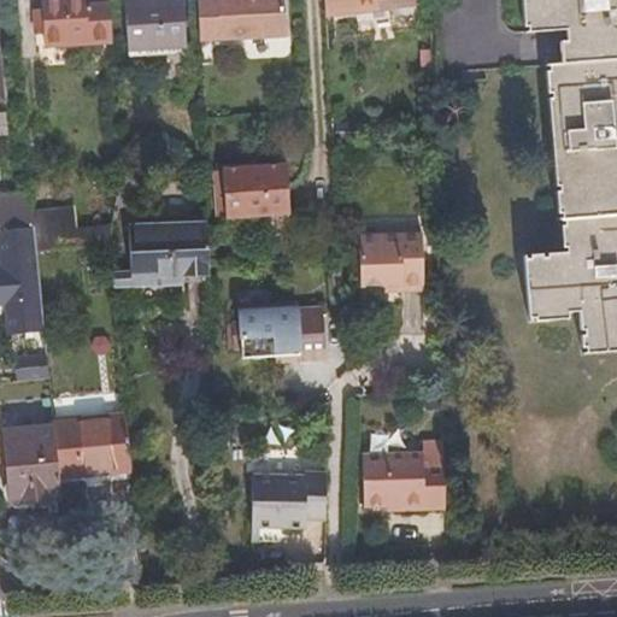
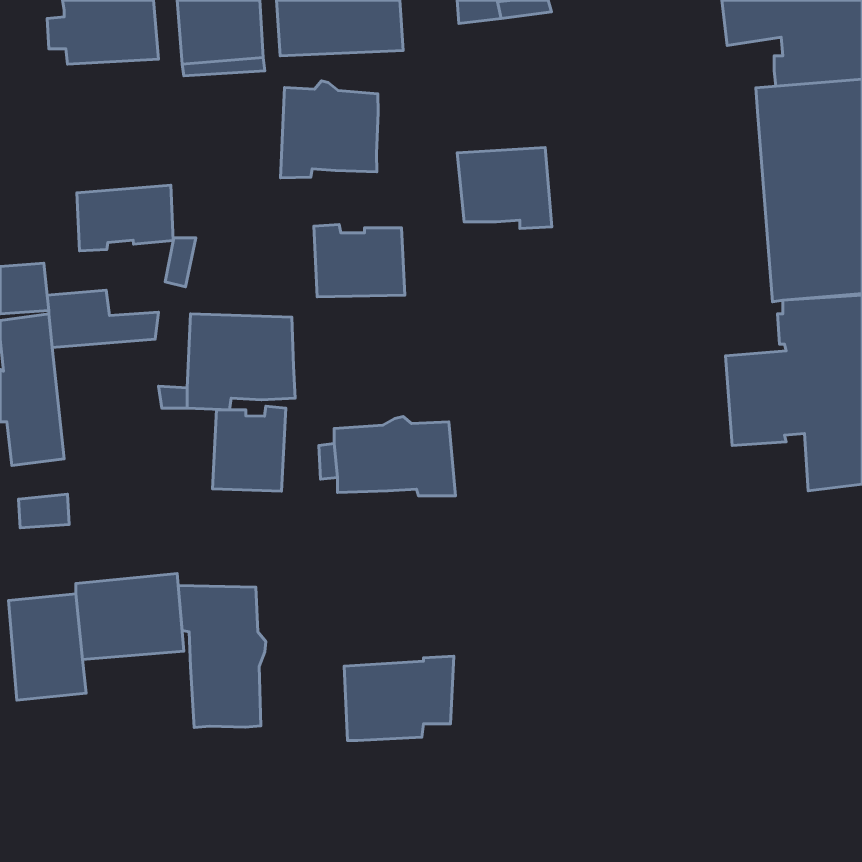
building: none -> [281,81,378,178]
building: none -> [77,185,173,251]
building: [358,230,425,288] -> [457,148,552,229]
building: none -> [212,406,286,491]
building: none -> [178,586,266,728]
building: [360,452,442,507] -> none

